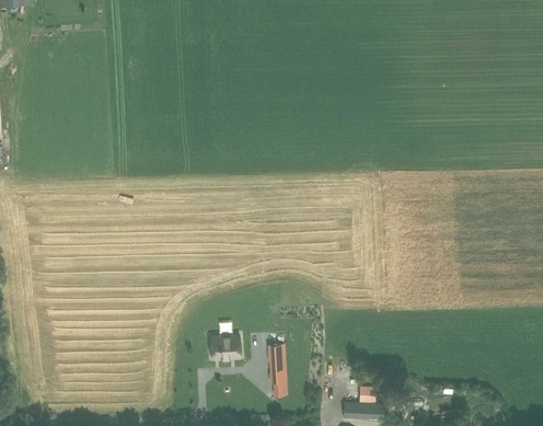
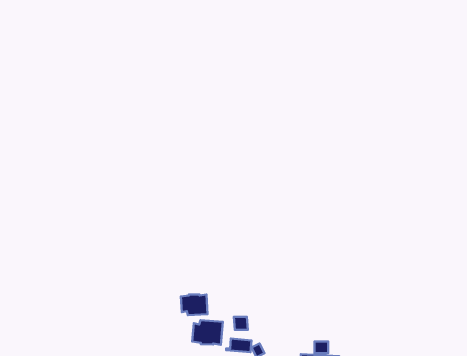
building: none -> [192,320,223,345]

